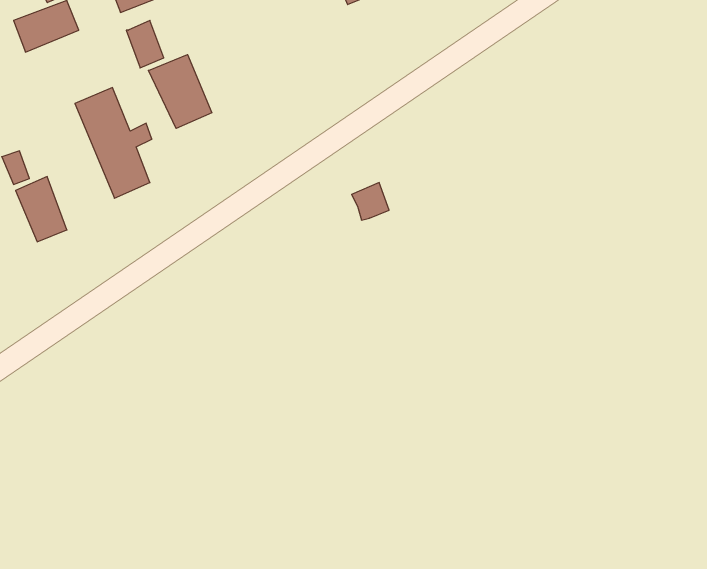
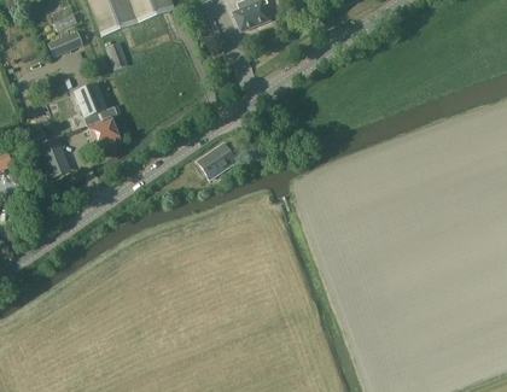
building: [148,55,212,128] -> none
building: none -> [197,142,237,179]

